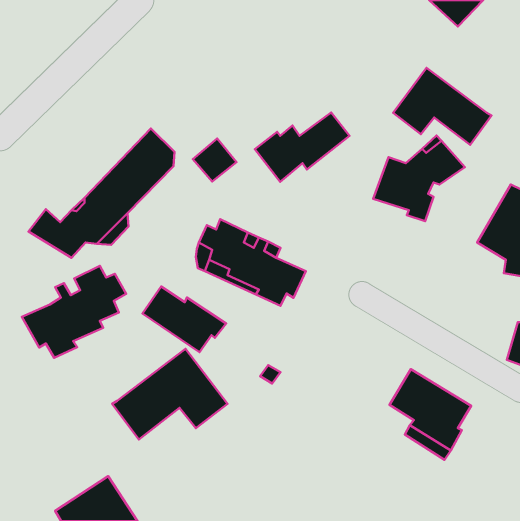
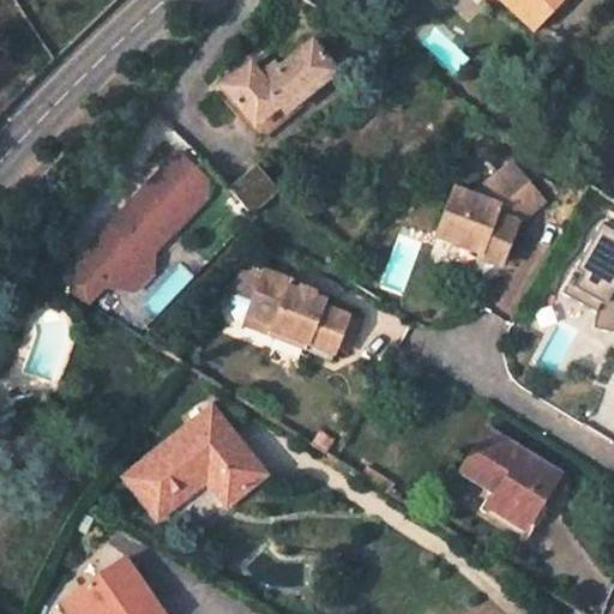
building: [393,68,491,145] -> none
building: [255,112,350,182] -> [222,42,333,124]
building: [22,266,126,358] -> none
building: [143,286,226,352] -> none

